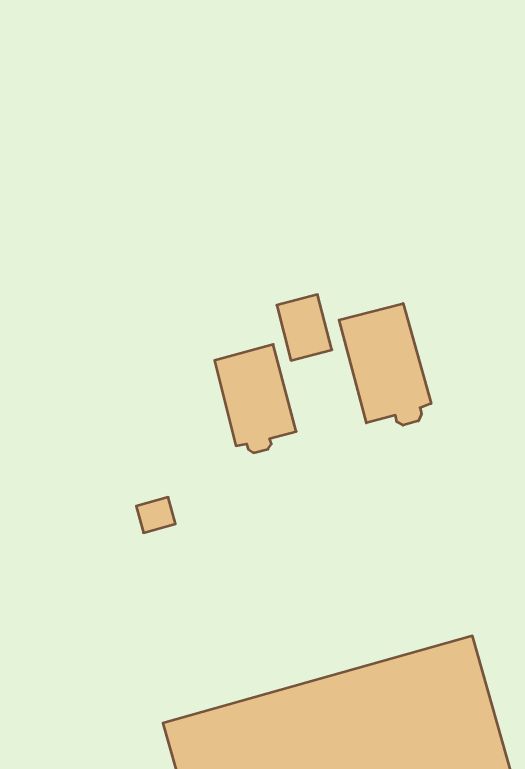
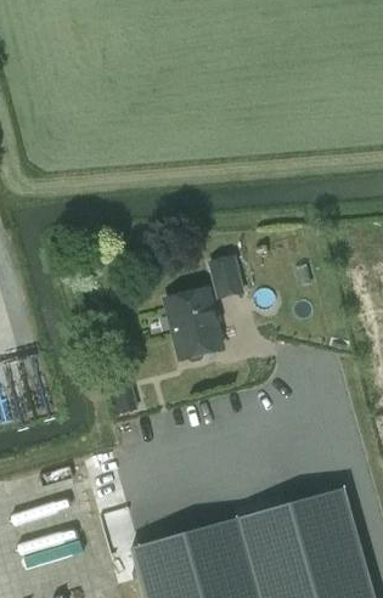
building: [339,303,431,425] -> none

